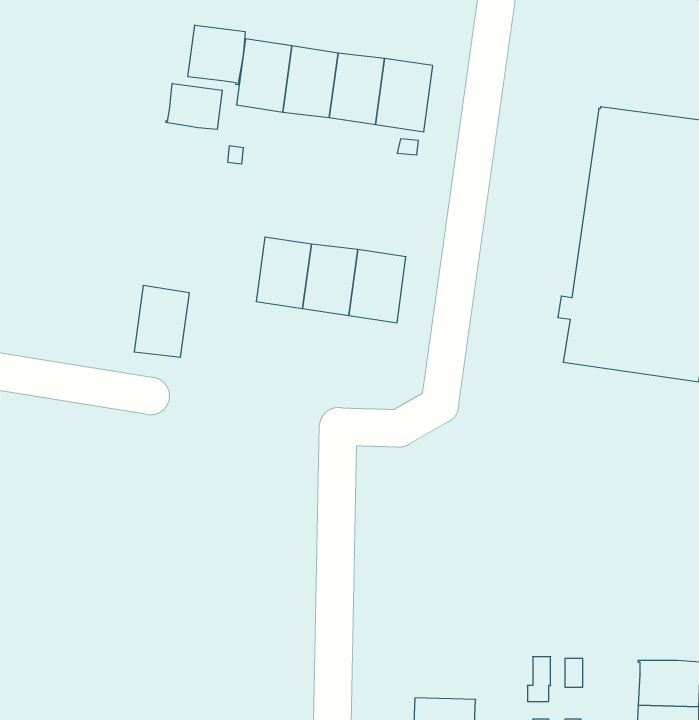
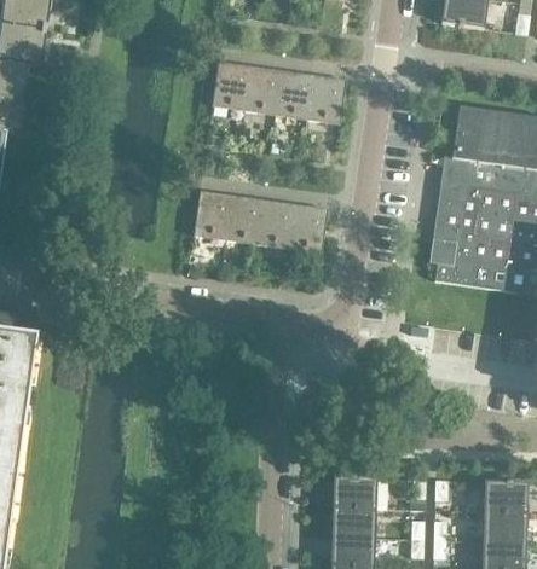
building: [188,25,245,85] -> none
building: [166,83,222,129] -> none
building: [134,286,189,357] -> [194,188,231,237]
building: none -> [333,474,375,506]

